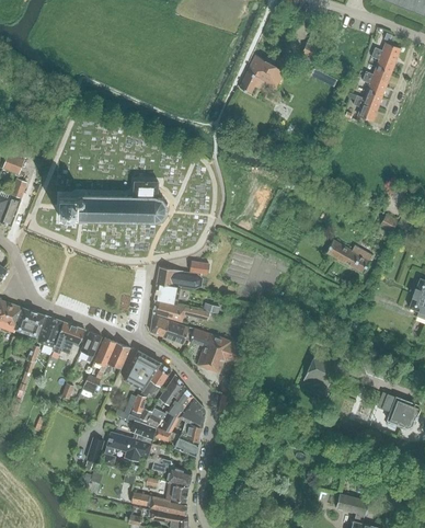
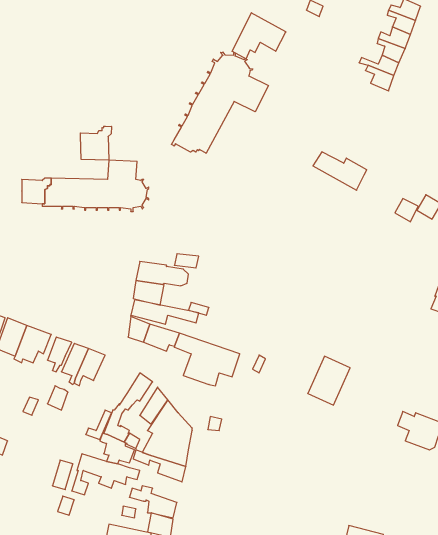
building: none -> [171,52,268,153]
building: none -> [80,126,111,160]
building: [325,240,371,273] -> [313,152,367,190]
building: [124,351,160,390] -> none

